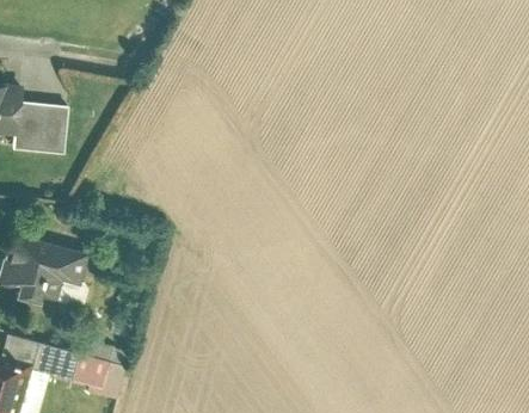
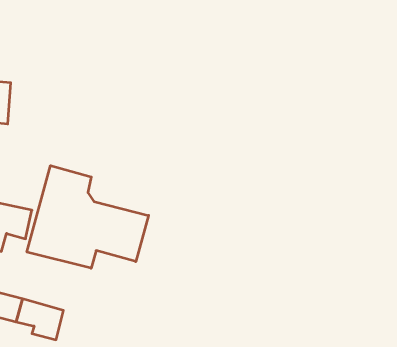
building: none -> [27,166,149,268]

